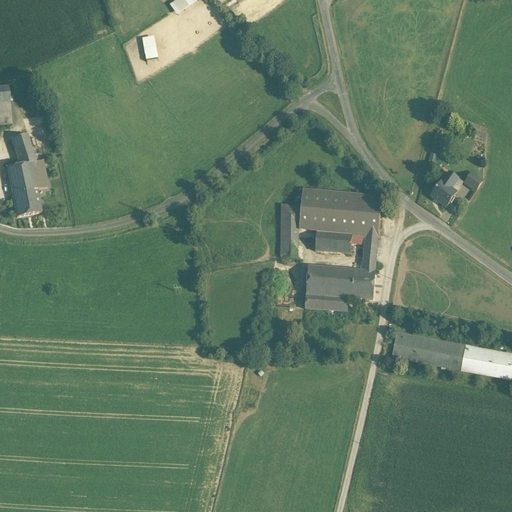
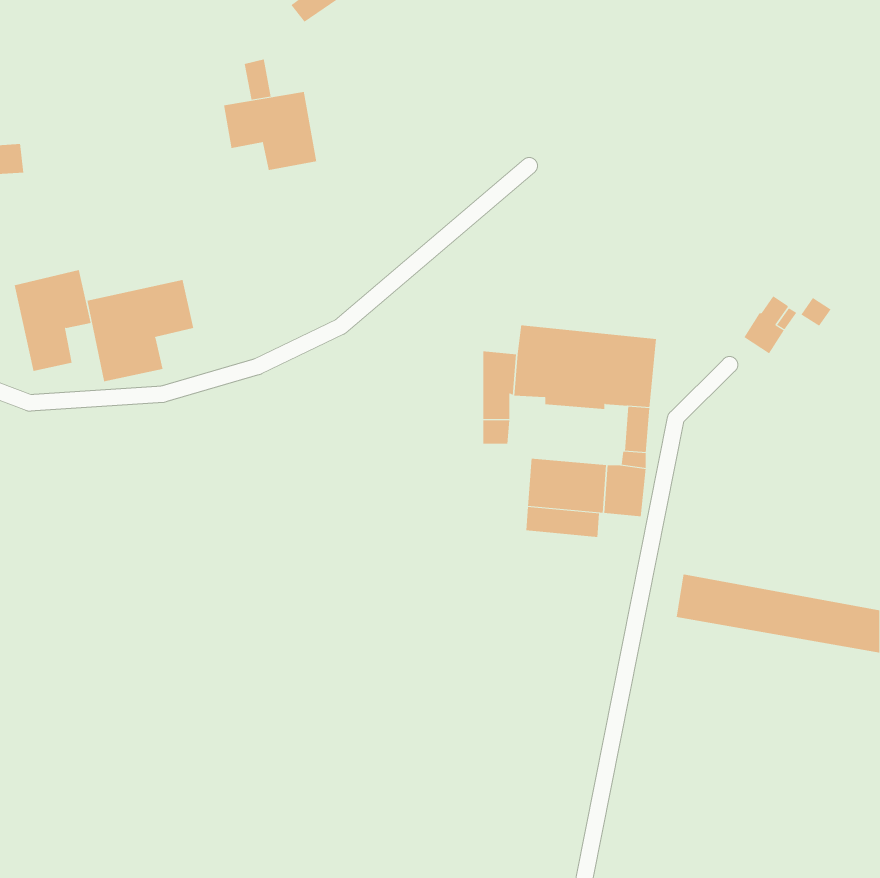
building: none -> [223,91,317,171]
building: [14,131,39,161] -> none
building: none -> [87,279,194,382]
building: [313,234,350,253] -> none

